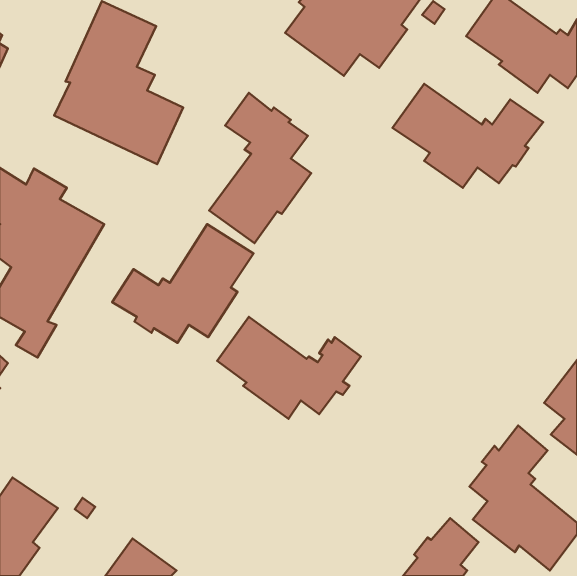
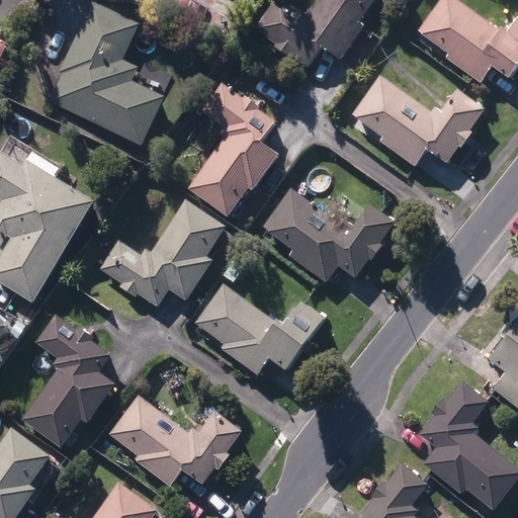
building: none -> [264,188,396,283]
building: none -> [21,315,116,448]
building: none -> [108,395,244,487]

